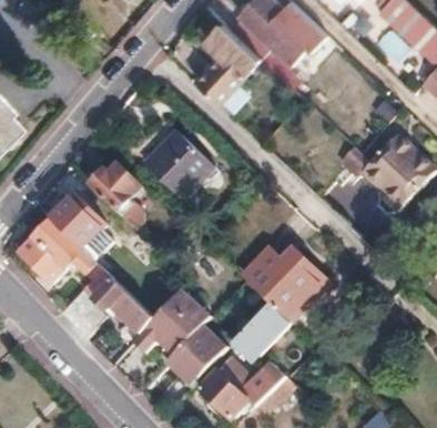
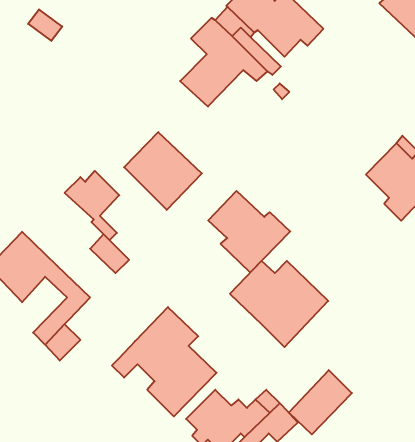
building: none -> [208,191,290,273]
building: [50,194,105,249] -> none
building: [93,278,153,335] -> none
building: [232,303,289,361] -> [289,370,352,434]

